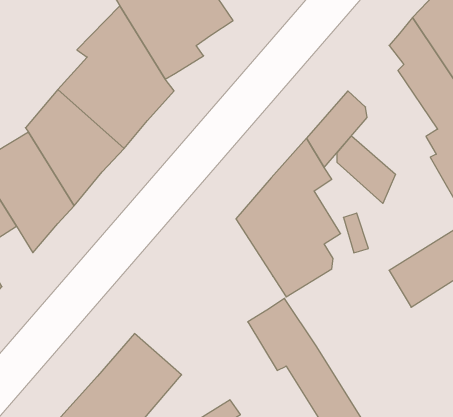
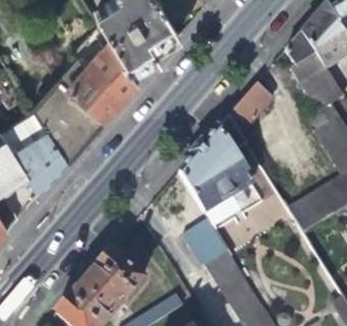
building: [337,136,395,203] -> none

